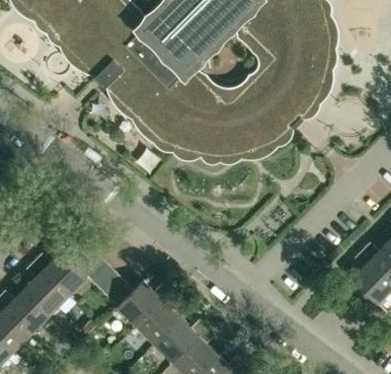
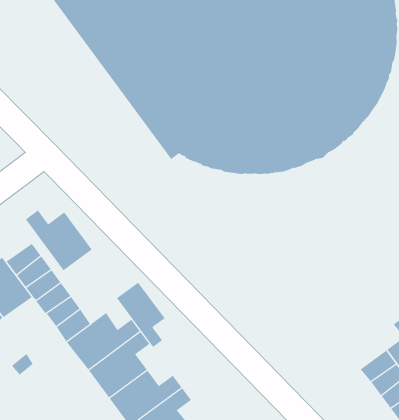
building: none -> [25,210,93,271]
building: none -> [116,282,165,348]

